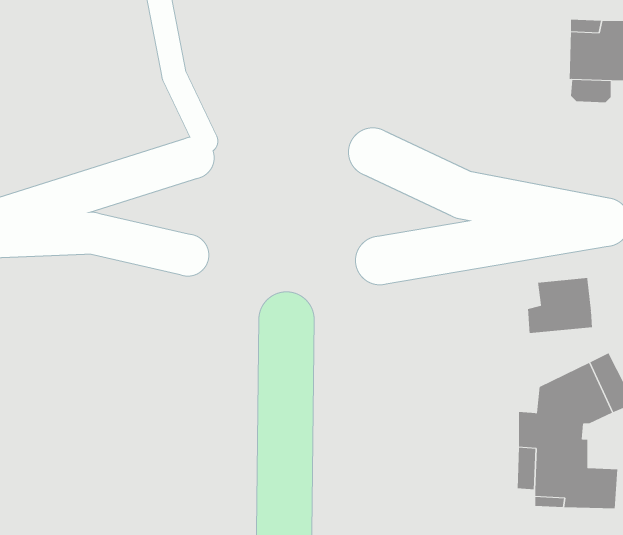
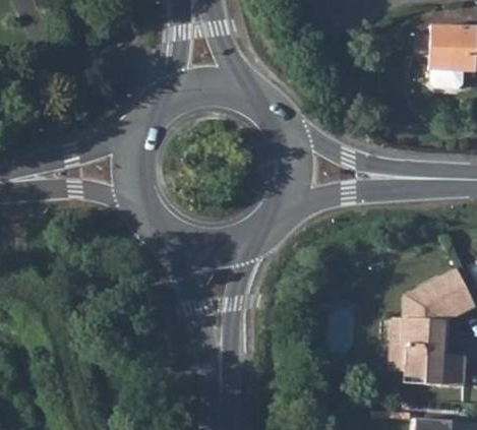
building: [528,277,593,334] -> none

